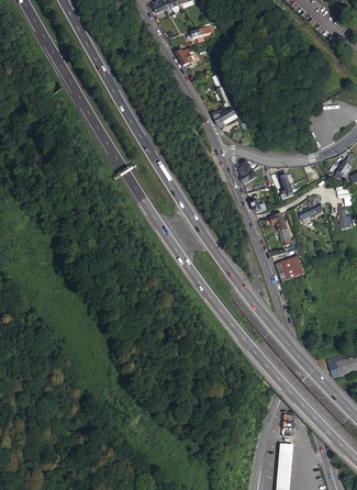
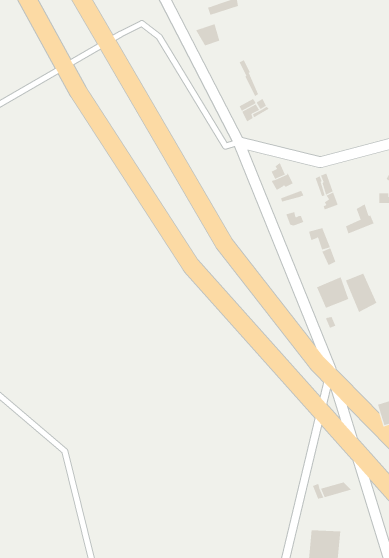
building: none -> [345,273,377,313]

